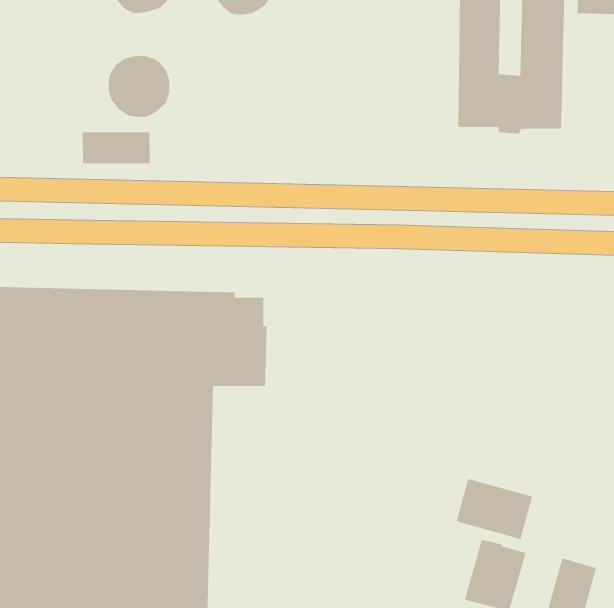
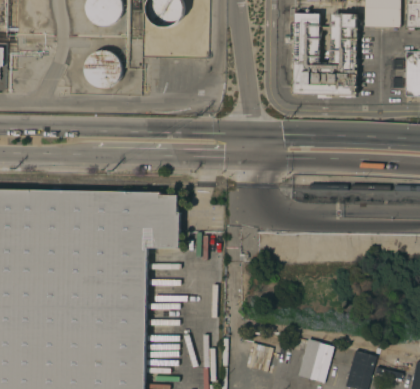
building: [82,131,150,164] -> none
building: [456,478,533,540] -> none

